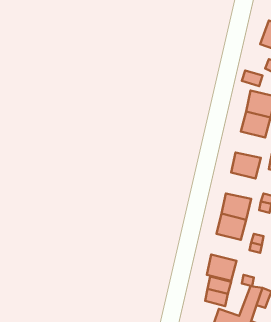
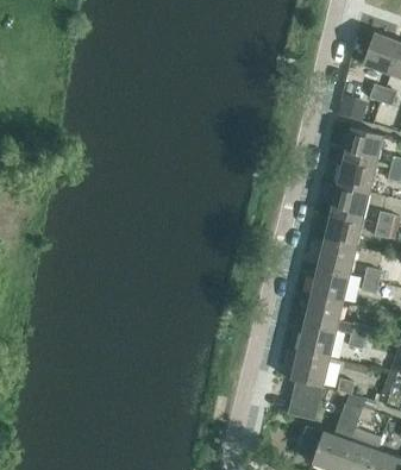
building: none -> [328,183,369,219]
building: none -> [315,239,356,275]
building: none -> [295,322,336,359]

